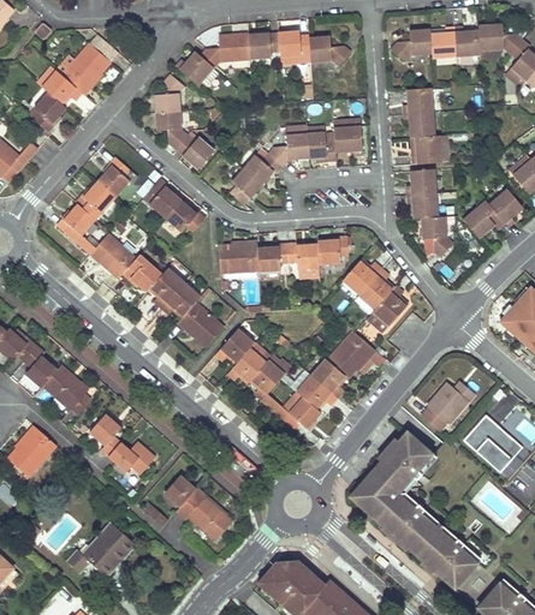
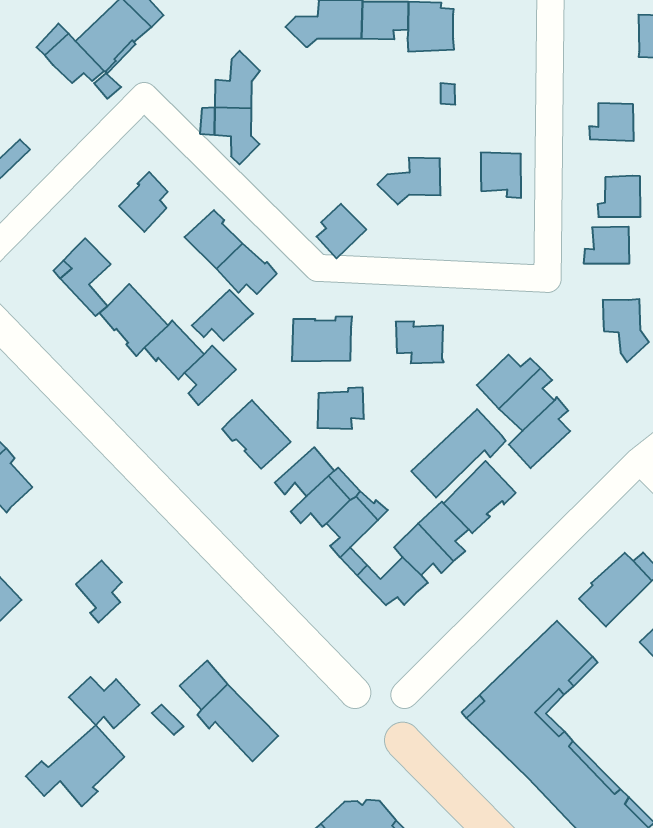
building: [391,30,432,62] -> none
building: [308,37,350,66] -> none
building: [174,53,218,91] -> none
building: [28,94,66,133] -> none
building: [404,113,434,138] -> none
building: [307,125,335,162] -> none
building: [176,135,214,169] -> none
building: [244,150,281,185] -> none
building: [76,183,117,221] -> none
building: [406,193,438,220] -> none
building: [317,237,347,265] -> none
building: [257,244,289,273] -> [317,388,364,429]
building: [161,283,201,317] -> [192,290,253,341]
building: none -> [411,409,506,498]
building: [43,368,91,417] -> none
building: [107,442,154,474] -> [69,677,140,728]

